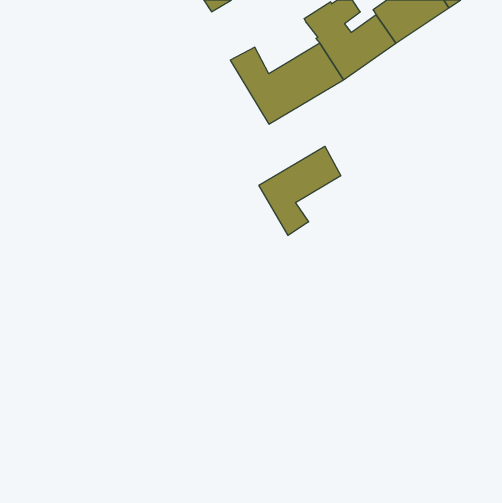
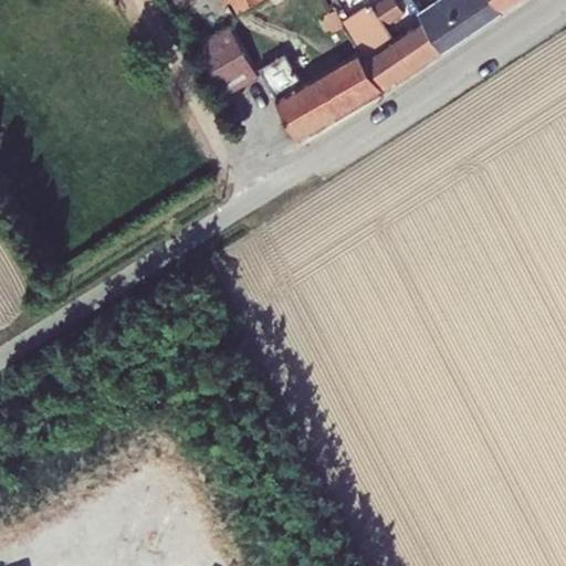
building: none -> [195,25,261,98]
building: [259,146,341,235] -> none

